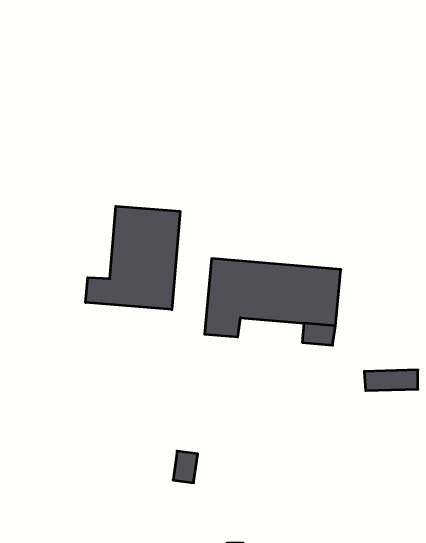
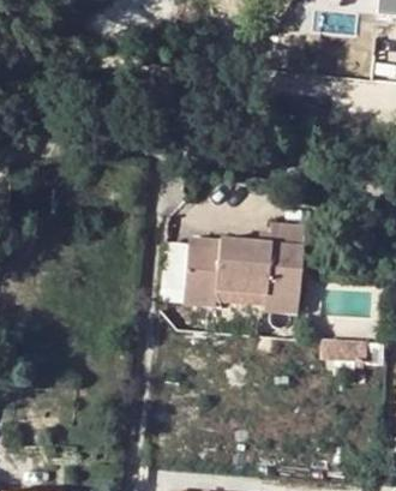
building: [86,206,180,310] -> none

